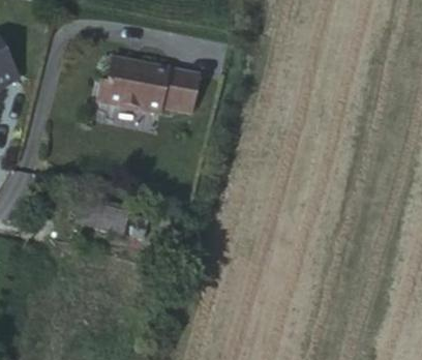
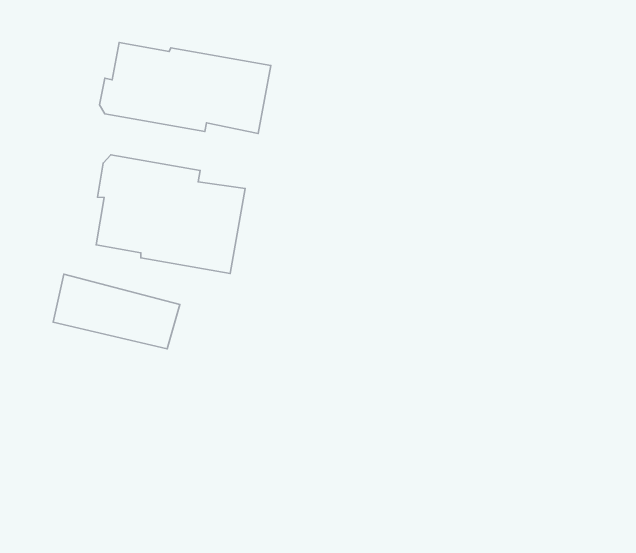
building: none -> [96,155,245,274]

